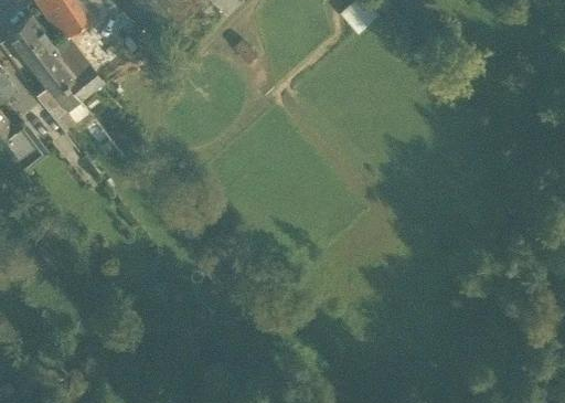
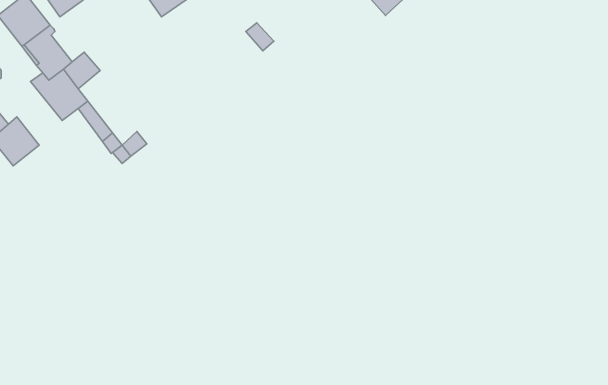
building: [52,34,88,75] -> none

